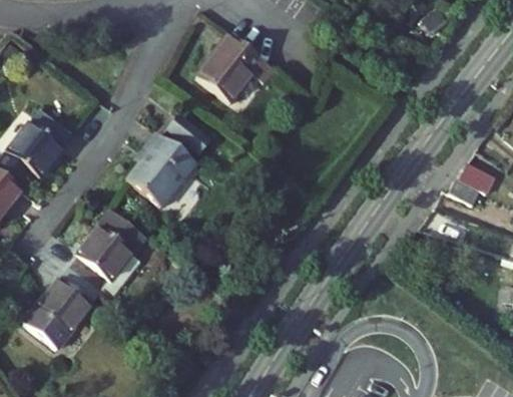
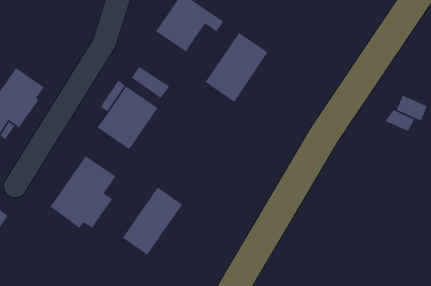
building: none -> [205,32,269,103]
building: none -> [122,186,183,256]
building: [24,266,101,349] -> none

